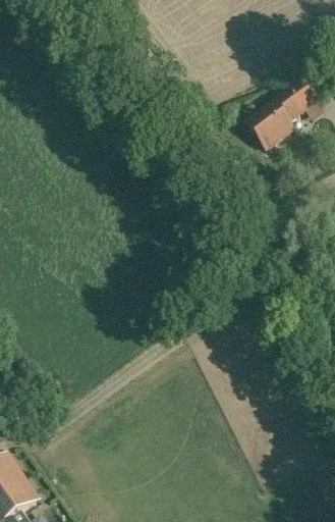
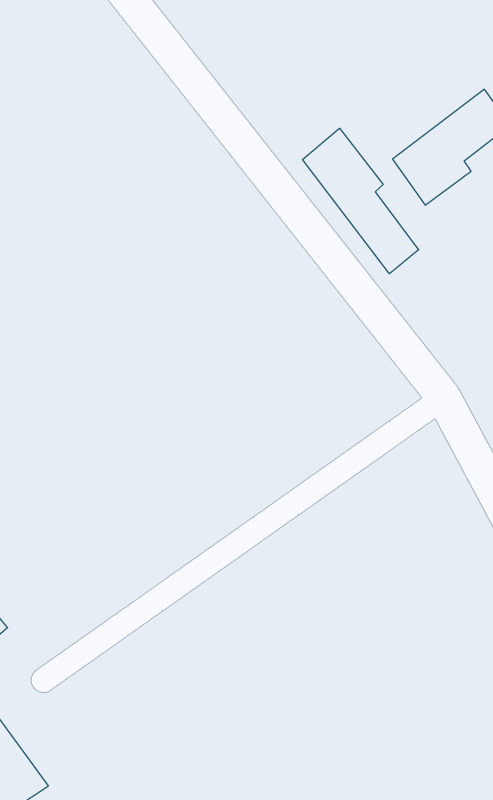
building: none -> [303,128,419,274]

